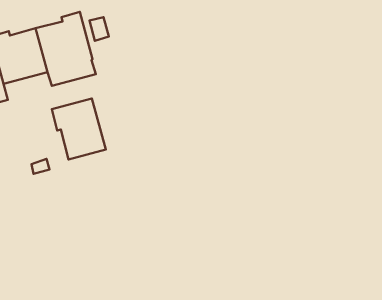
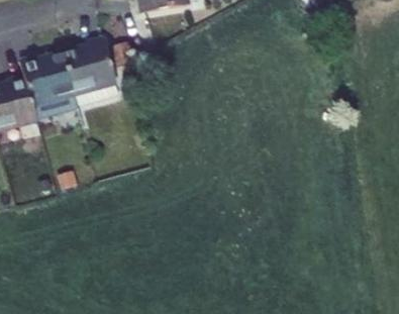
building: [52,99,106,160] -> none

